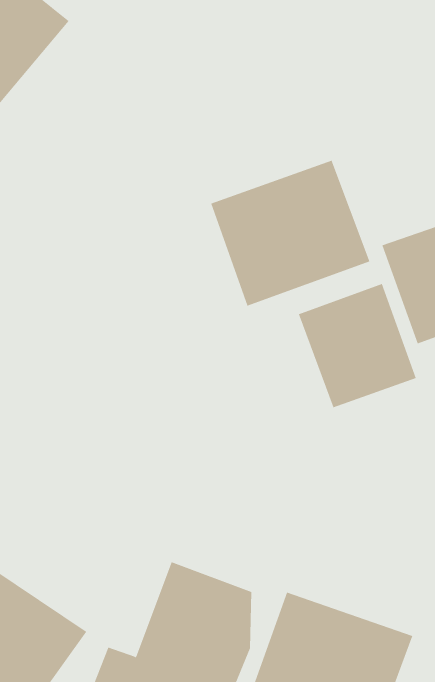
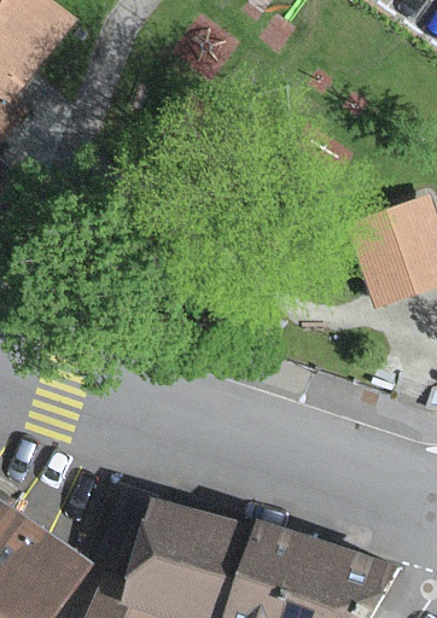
building: [210,160,370,306] -> none
building: [298,283,416,408] -> none

